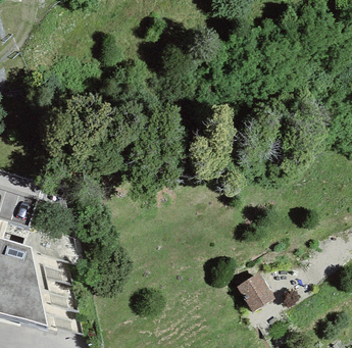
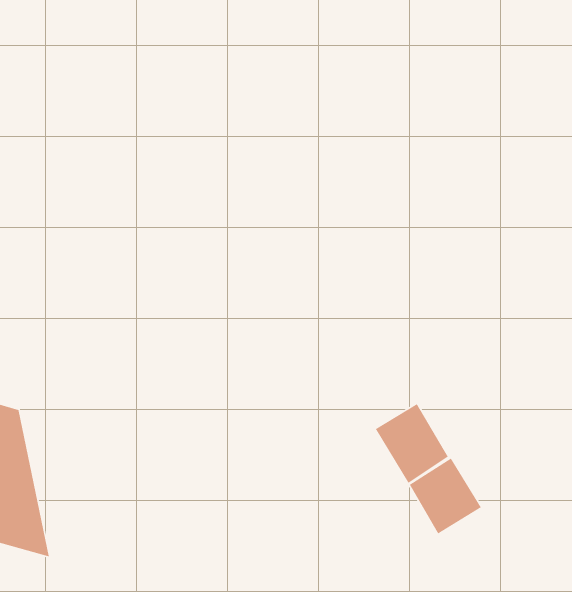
building: none -> [375,403,449,484]

